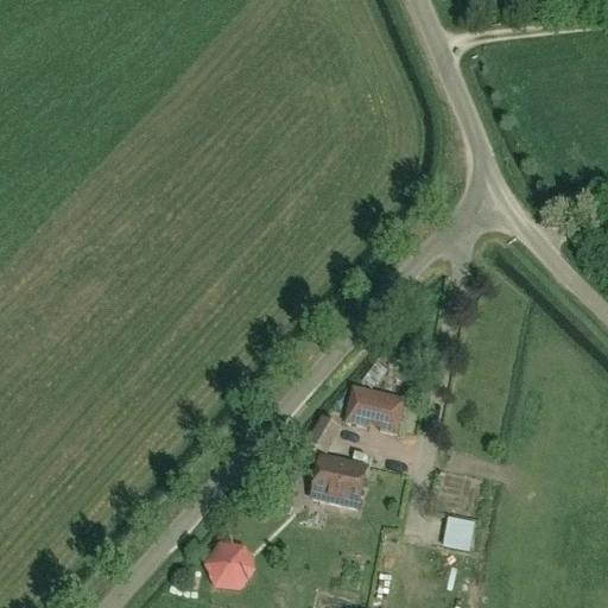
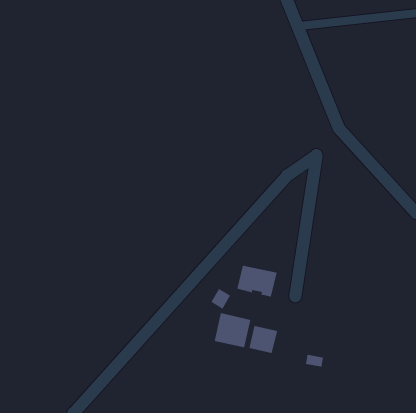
building: none -> [249,325,278,354]
building: [208,540,261,591] -> none

